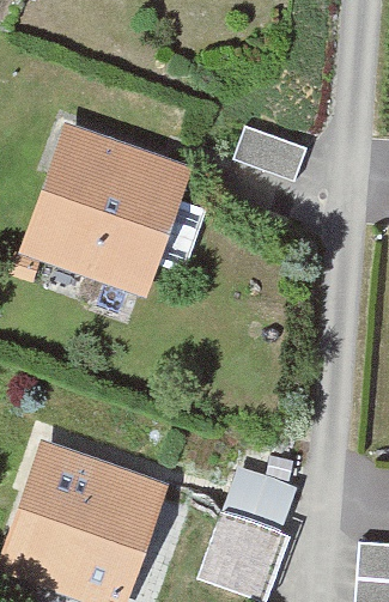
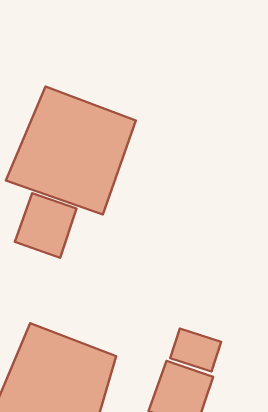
building: none -> [15,193,77,258]

